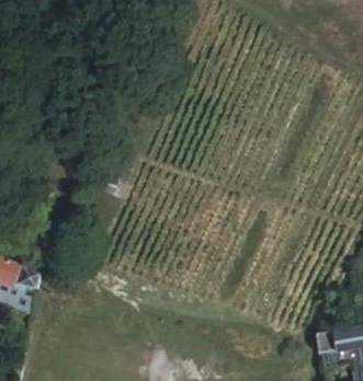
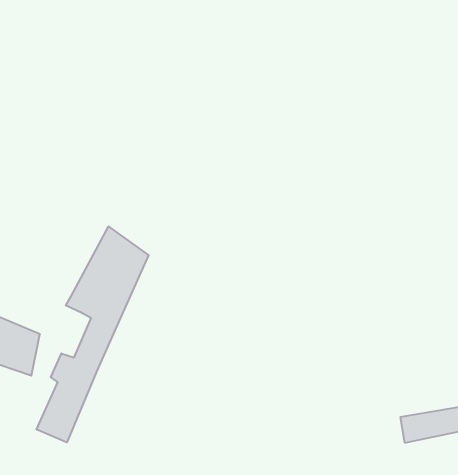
building: none -> [37,226,149,442]

